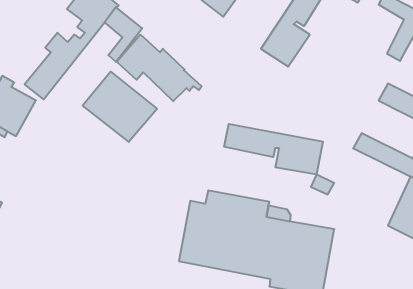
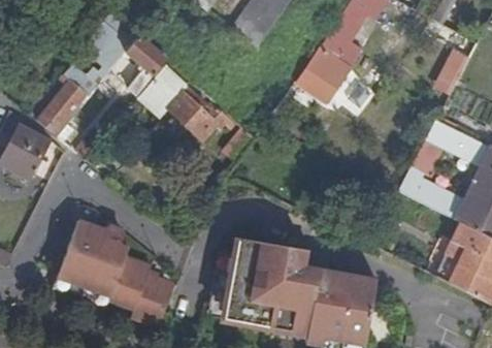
building: [83,72,157,142] -> none
building: [224,124,323,175] -> none
building: none -> [54,219,175,327]

